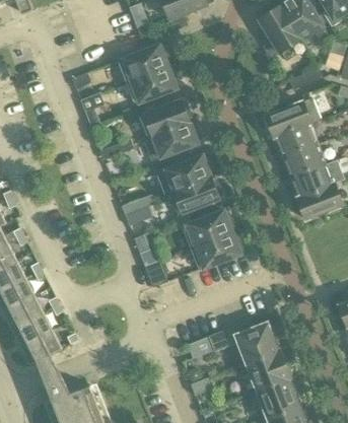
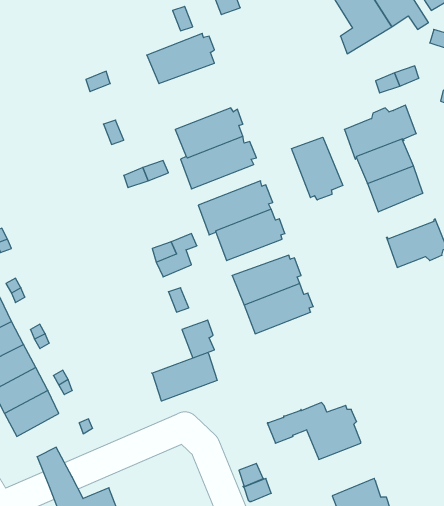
building: [128,67,180,104] -> none
building: none -> [291,137,343,200]
building: [292,164,334,199] -> none
building: none -> [152,353,217,401]
building: [21,330,63,365] -> none
building: [248,350,292,392] -> none

